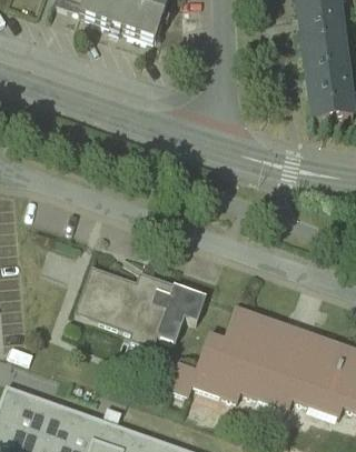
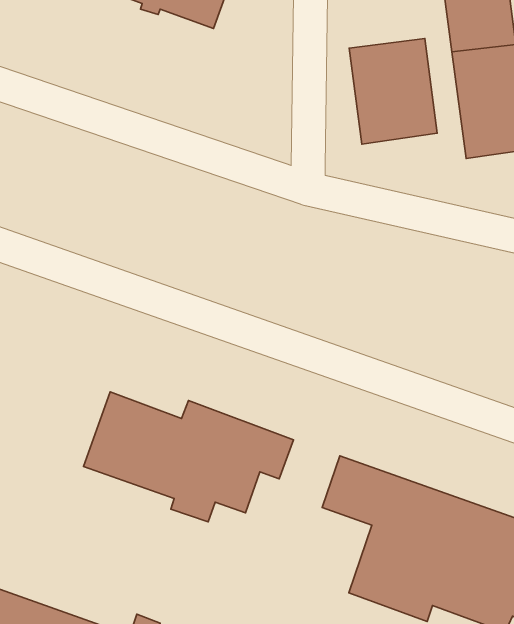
building: none -> [349,39,437,144]
building: [169,333,255,401] -> none

